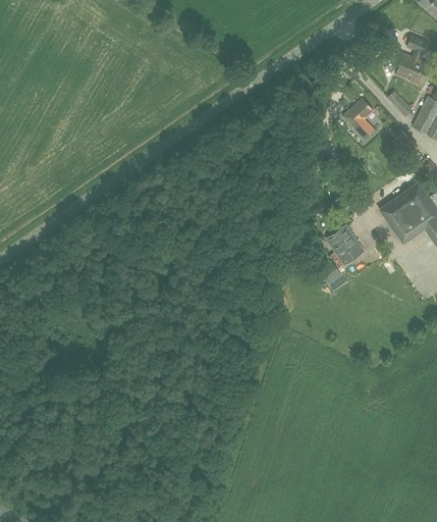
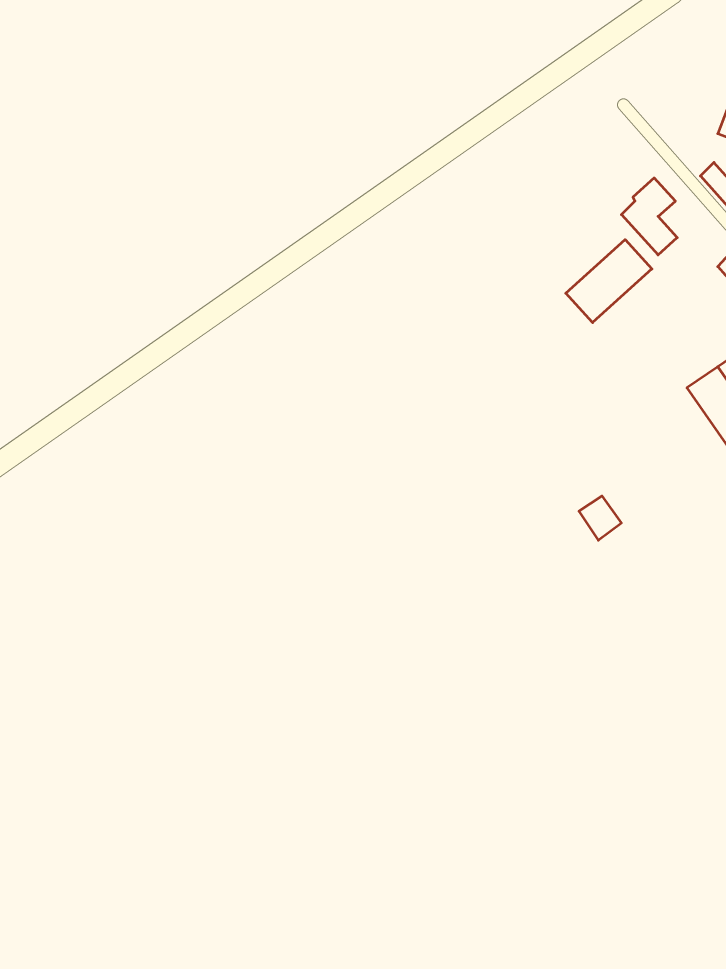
building: none -> [566,240,652,323]
building: [326,224,364,264] -> none

